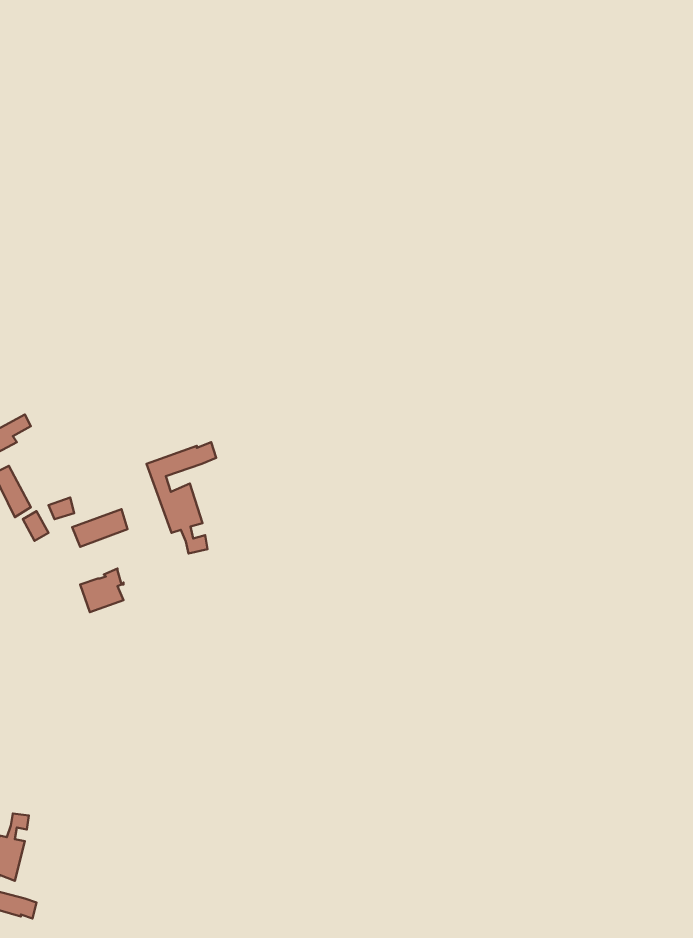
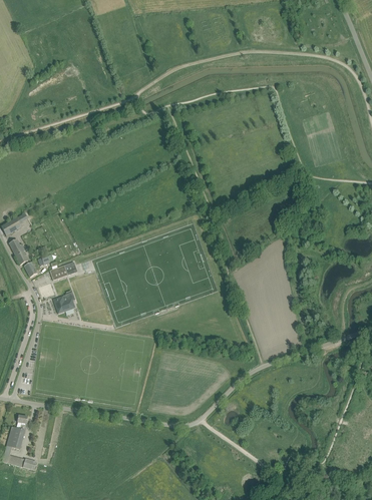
building: [147,442,216,553] -> none

